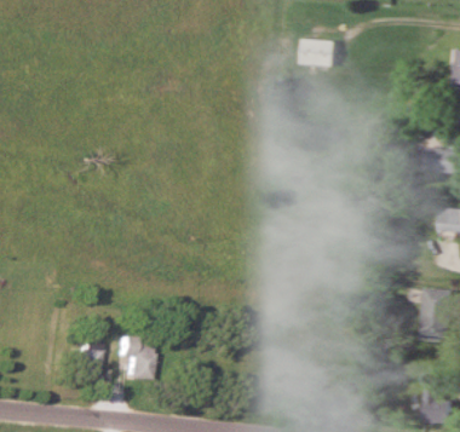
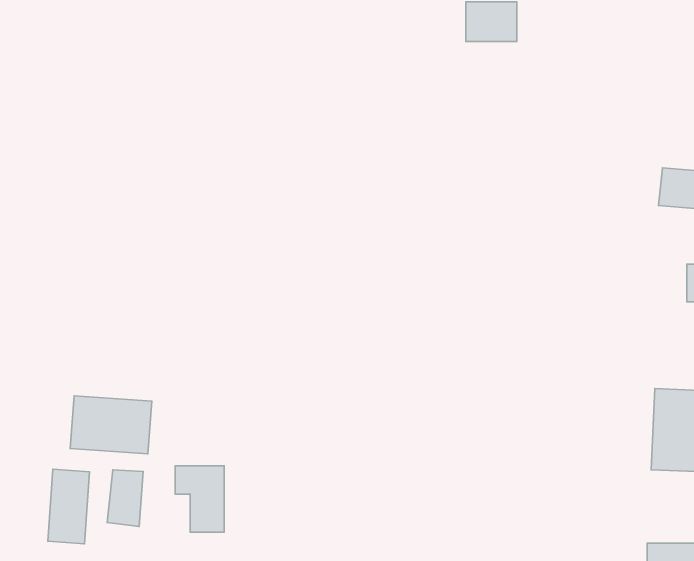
building: none -> [70,396,152,454]
building: none -> [48,469,90,544]

